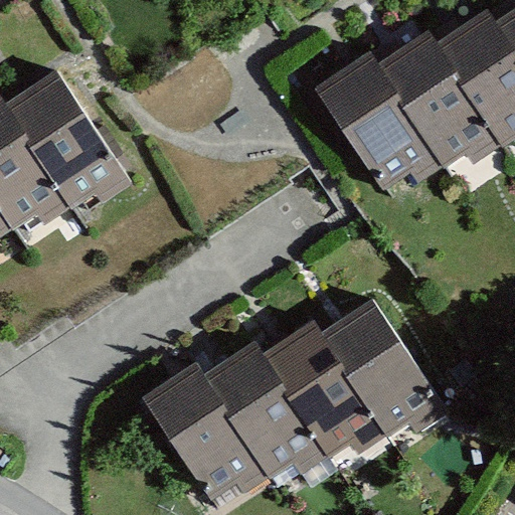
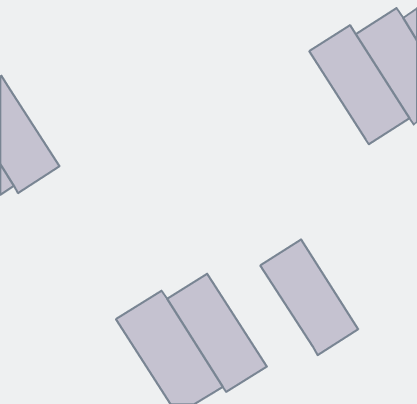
building: [319,52,451,207] -> none
building: [9,73,130,216] -> none
building: [263,317,385,461] -> none

